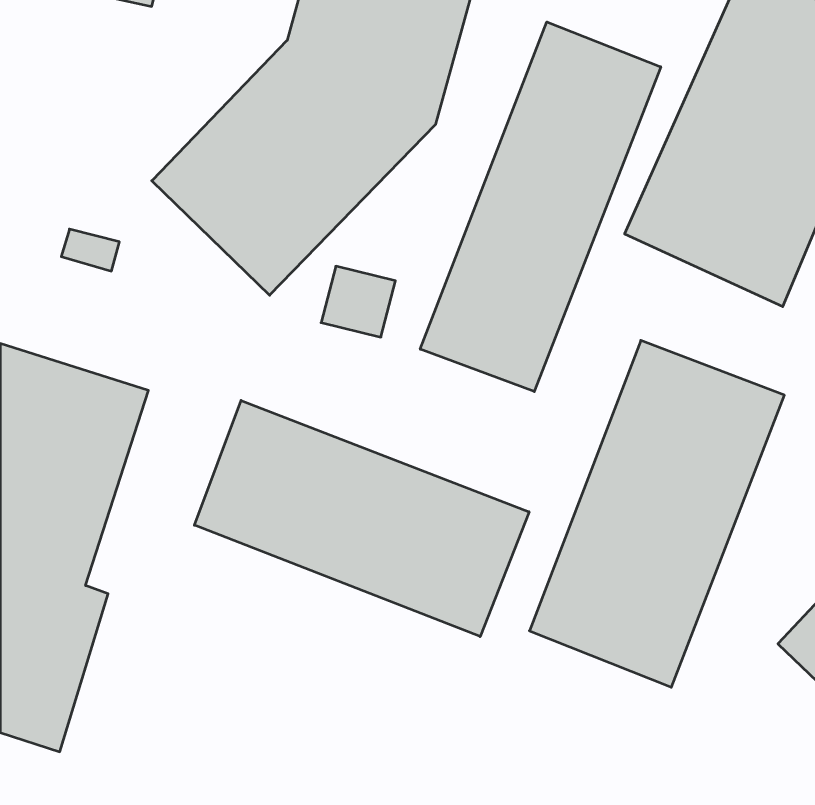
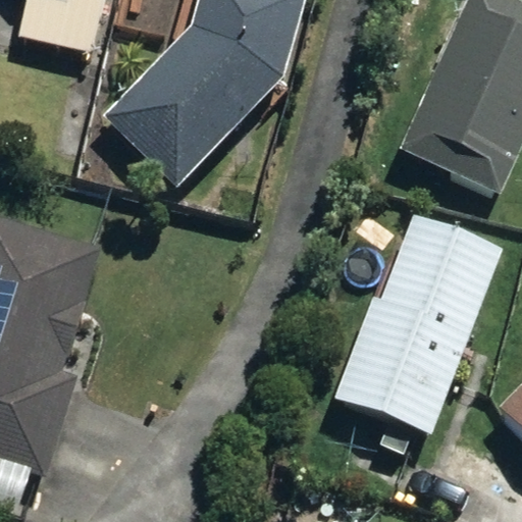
building: [420,22,661,392] -> none
building: [194,400,529,637] -> none

